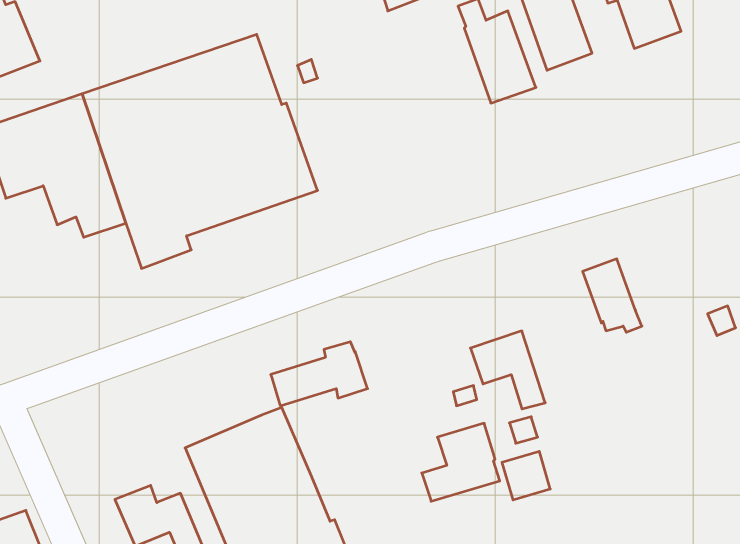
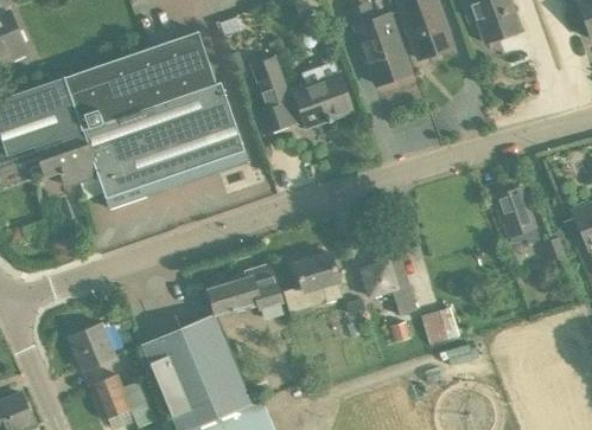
building: none -> [252,57,352,134]
building: [583,259,642,332] -> [494,188,539,244]
building: none -> [69,323,114,371]
building: [422,423,500,501] -> [282,253,342,313]
building: [502,451,550,500] -> [421,308,458,345]

